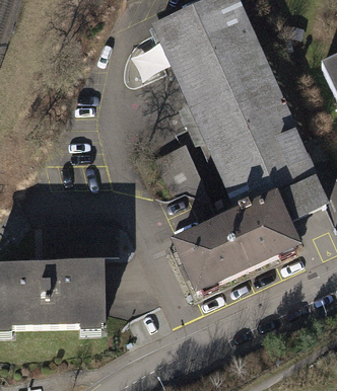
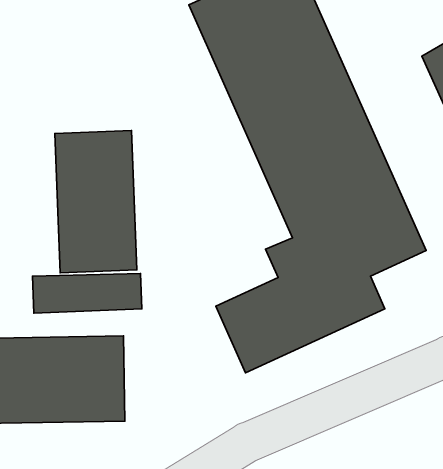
building: none -> [55,131,137,273]

